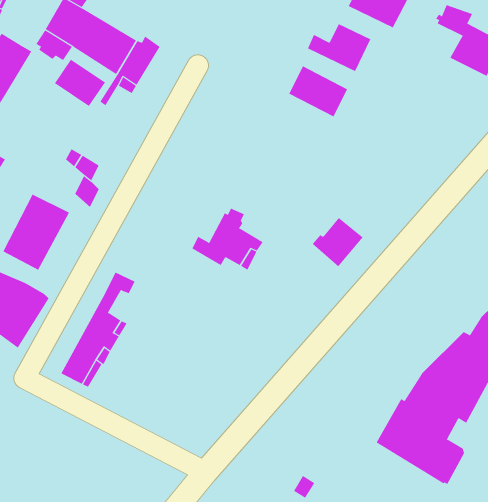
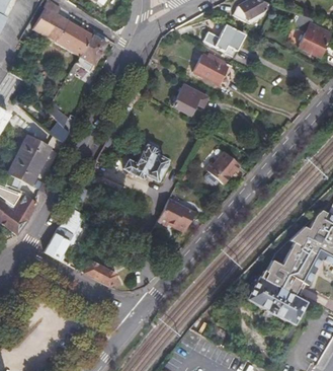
building: [54,59,106,107] -> none
building: none -> [173,85,206,115]
building: none -> [157,200,193,231]
building: none -> [83,259,117,287]

